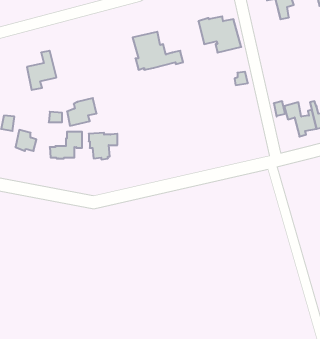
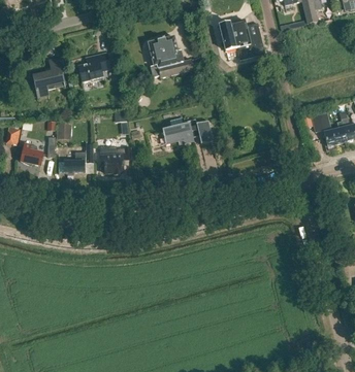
building: [67,98,97,126] -> [78,52,110,81]
building: none -> [162,119,214,143]

